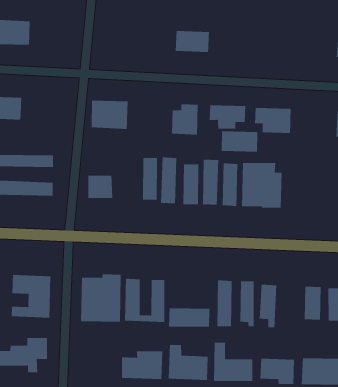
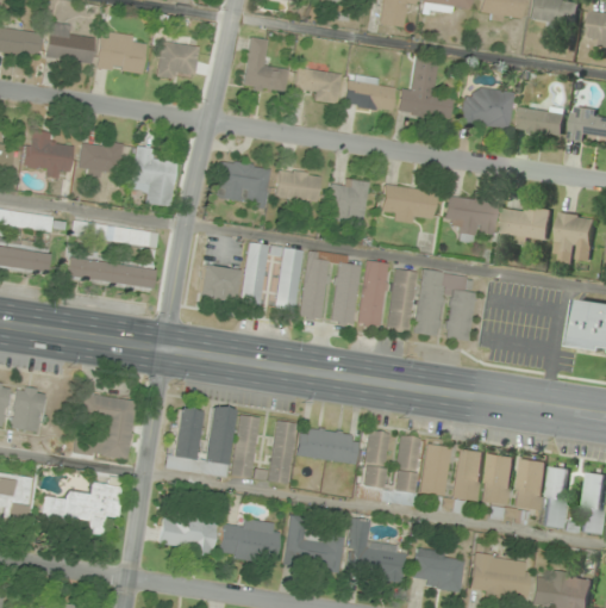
building: none -> [243,37,289,93]
building: none -> [398,56,454,120]
building: none -> [157,43,198,79]
building: none -> [460,87,514,130]
building: none -> [295,69,341,100]
building: none -> [518,105,567,137]
building: none -> [130,145,177,207]
building: none -> [275,169,321,205]
building: none -> [502,206,550,242]
building: [221,131,258,152] -> none
building: none -> [239,242,269,306]
building: none -> [450,449,485,513]
building: [168,308,210,328] -> [298,428,360,463]
building: none -> [158,514,217,554]

